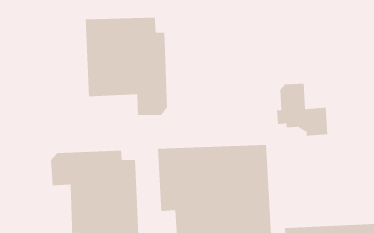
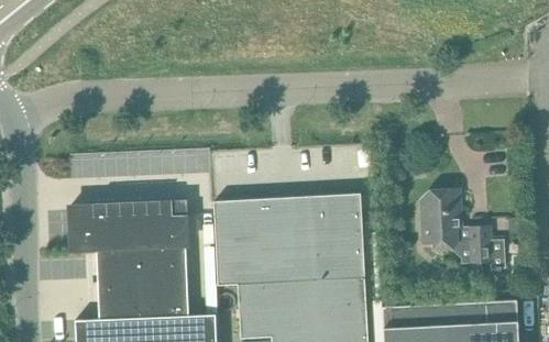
building: [85,17,168,116] -> none
building: [276,83,328,136] -> [422,194,492,264]

